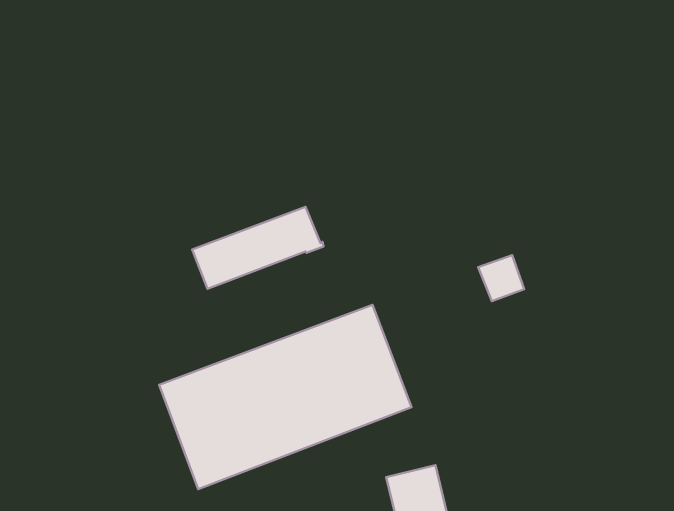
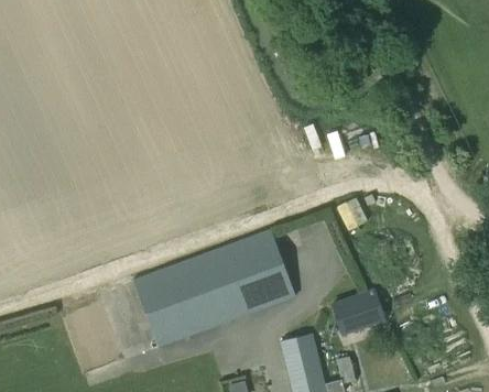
building: [192,207,323,289] -> none
building: none -> [330,286,385,334]

